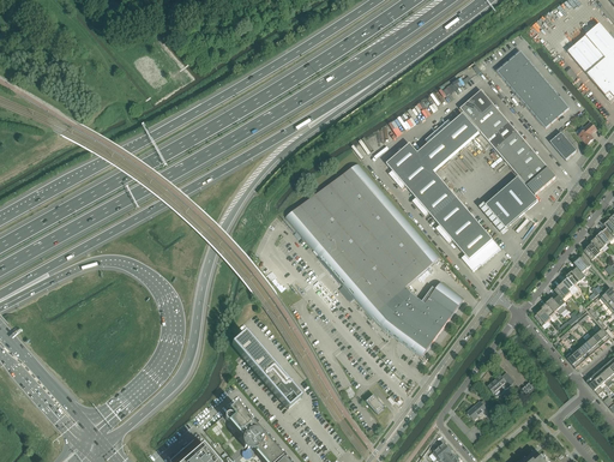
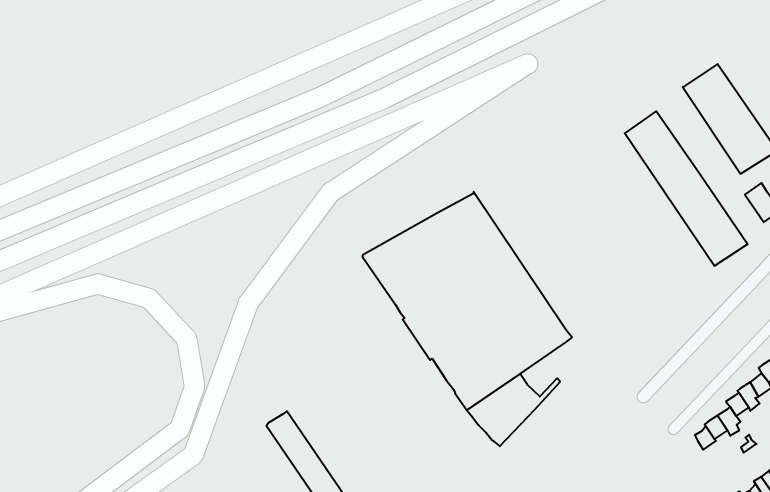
building: [387,112,501,269] -> none
building: [480,175,538,233] -> none
building: [398,280,464,356] -> none

